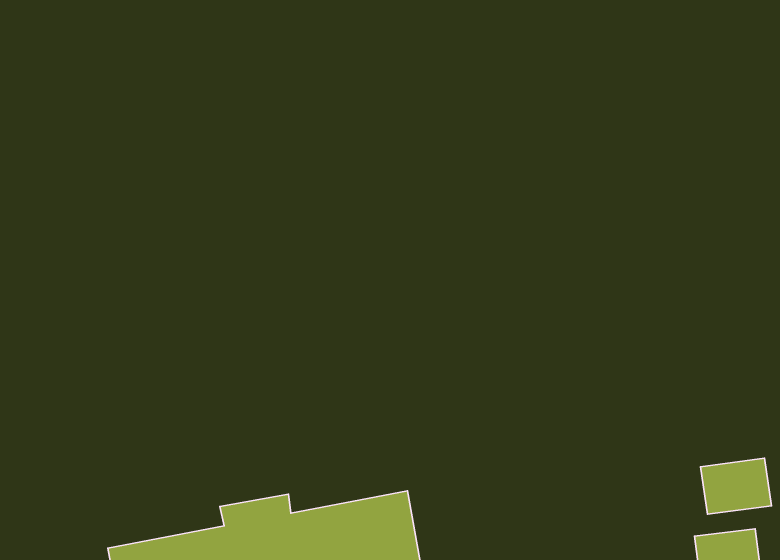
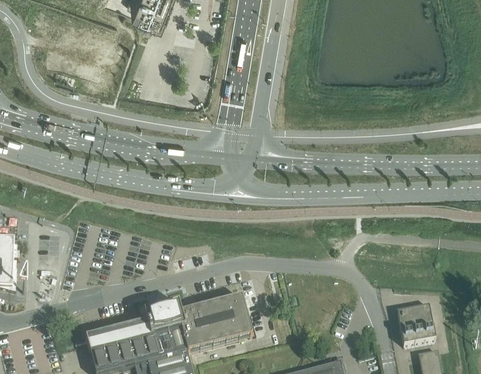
building: [701,458,771,514] -> none

